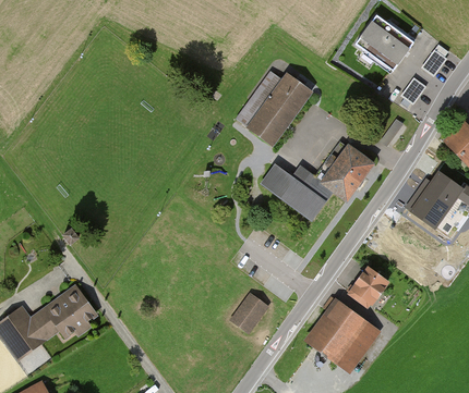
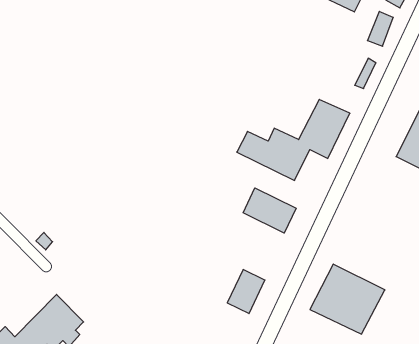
building: [239,70,312,142] -> none
building: none -> [243,188,296,233]
building: [348,268,386,307] -> none

